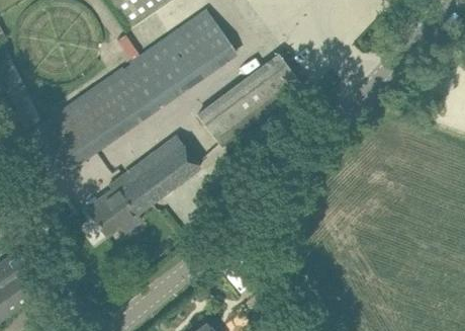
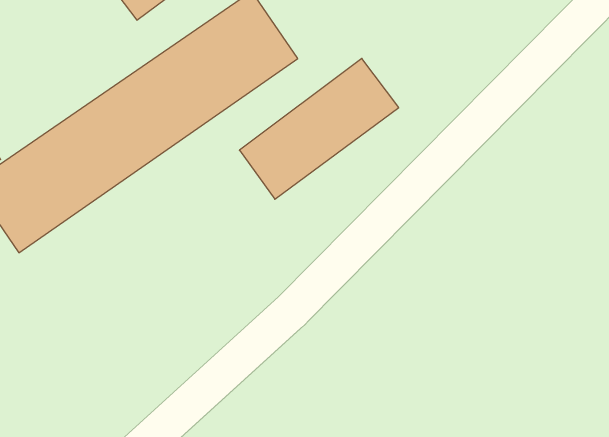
building: [86,136,200,237] -> none

